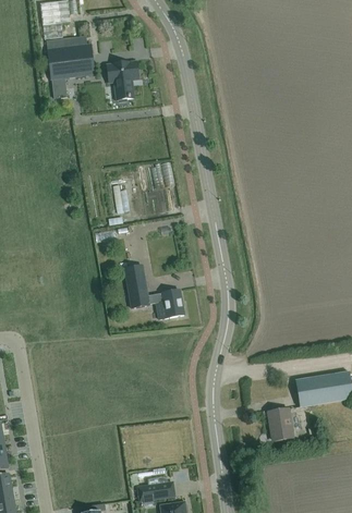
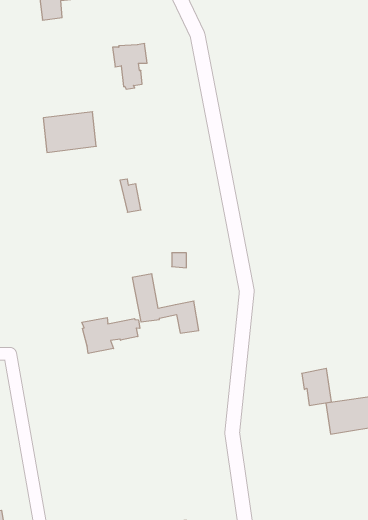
building: [47,44,94,80] -> [43,112,96,152]
building: none -> [82,318,140,353]
building: [267,407,293,440] -> [302,368,331,405]

